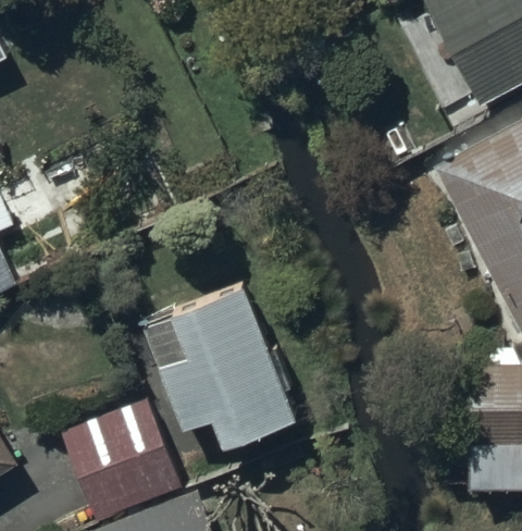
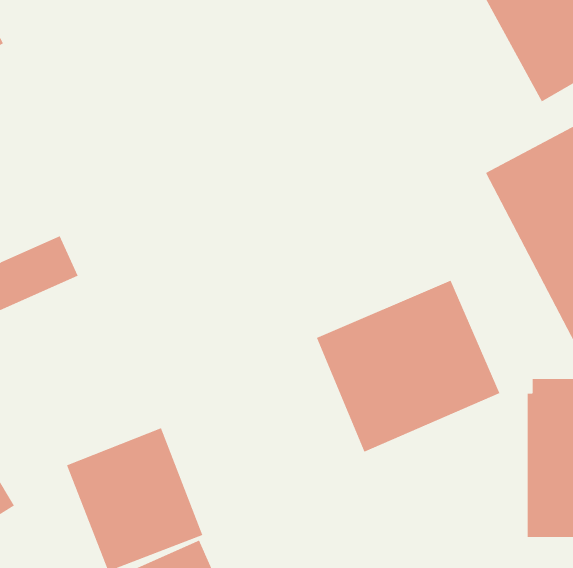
building: none -> [316,280,500,452]
building: [141,289,299,452] -> none

